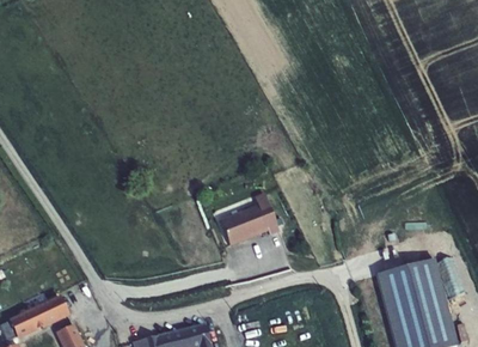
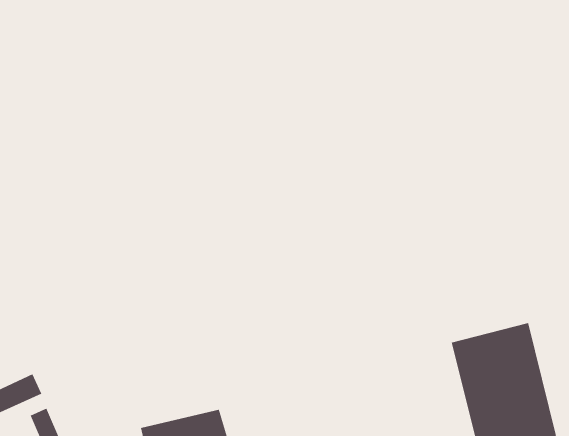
building: [220,193,276,243] -> none

